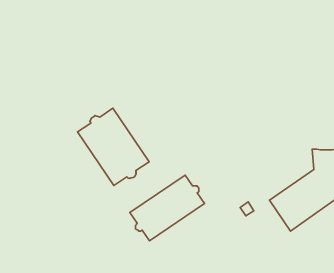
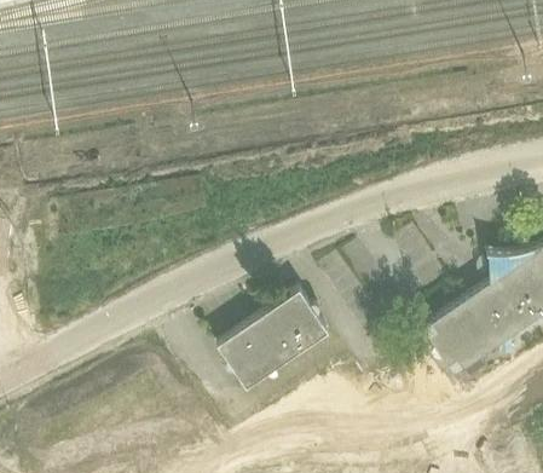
building: [78,108,149,186] -> none

